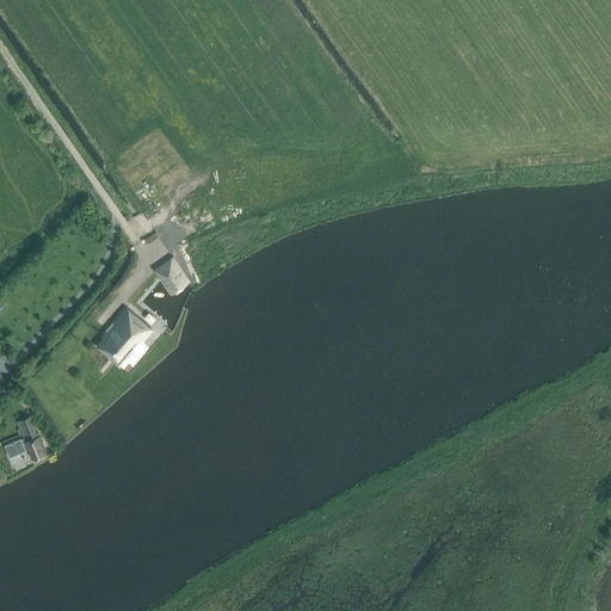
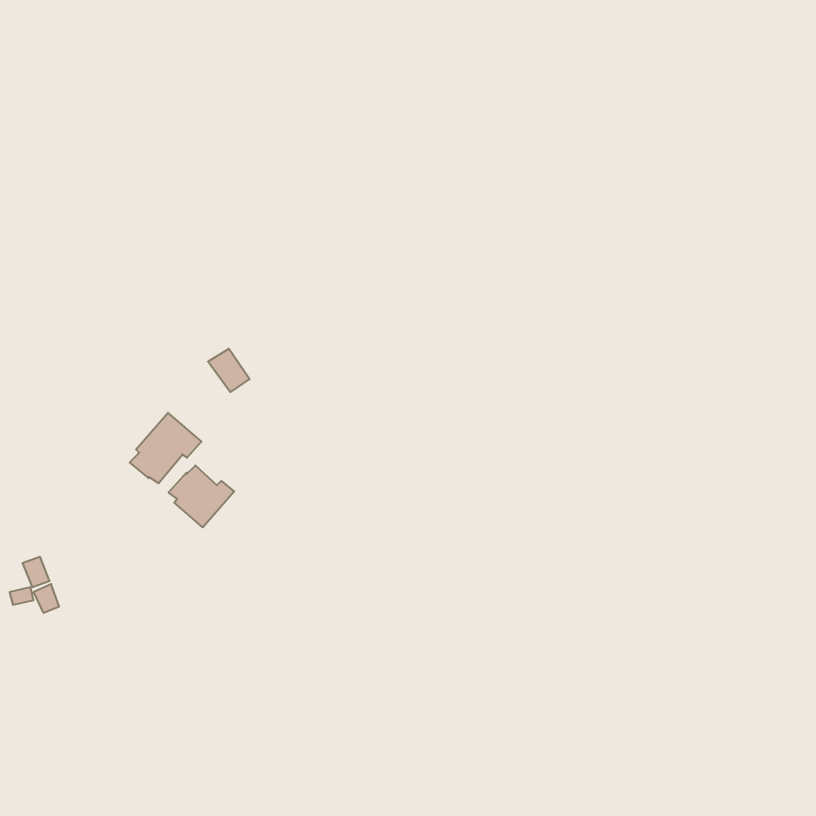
building: none -> [169,465,234,527]

